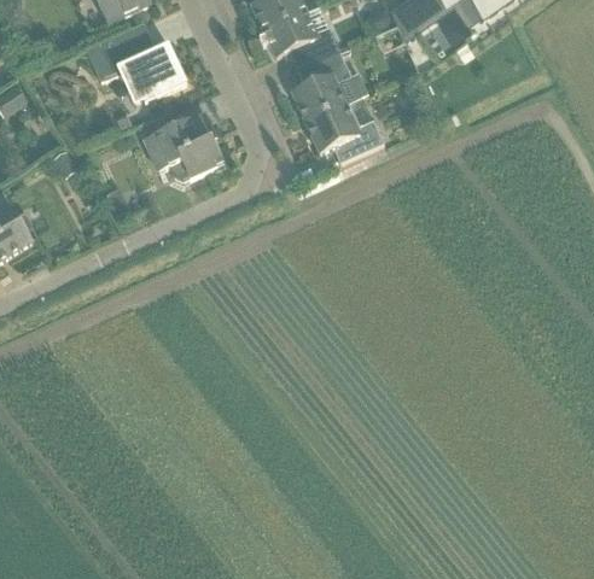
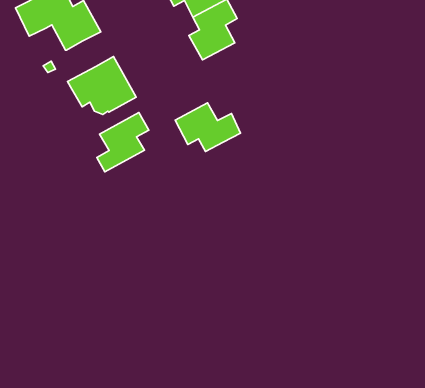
building: [305,106,383,164] -> [175,103,241,151]
building: none -> [97,112,149,172]

